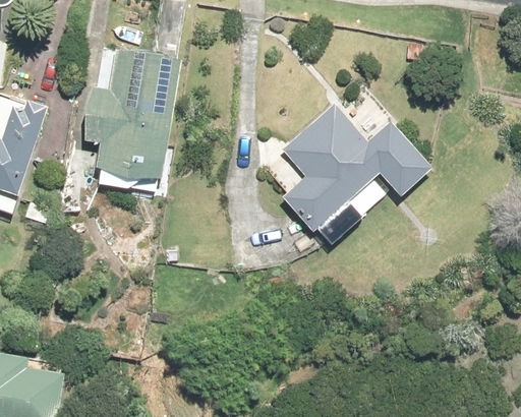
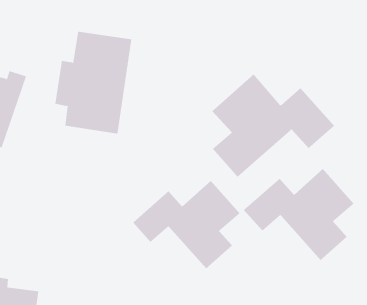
building: none -> [243,168,354,261]
building: none -> [132,180,240,269]

